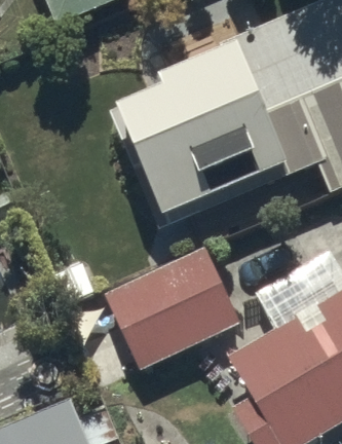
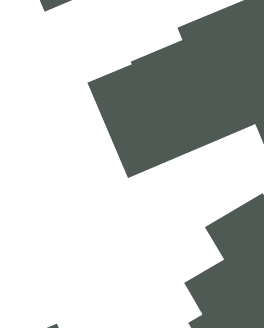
building: [107,246,240,367] -> none

